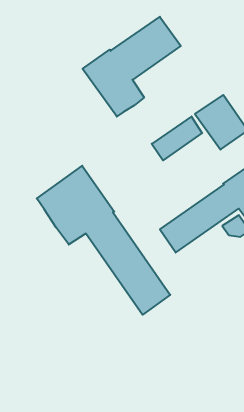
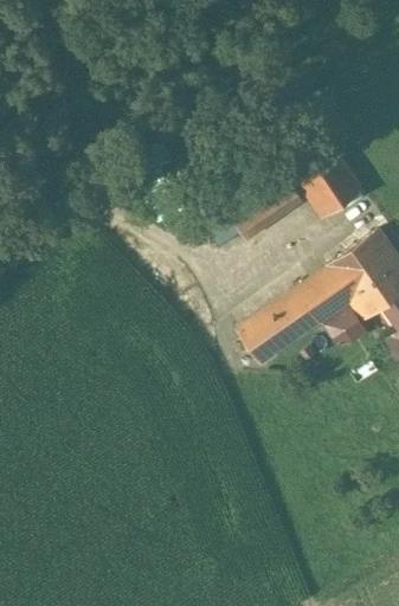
building: [83,17,181,117] -> none
building: [37,166,170,315] -> none

